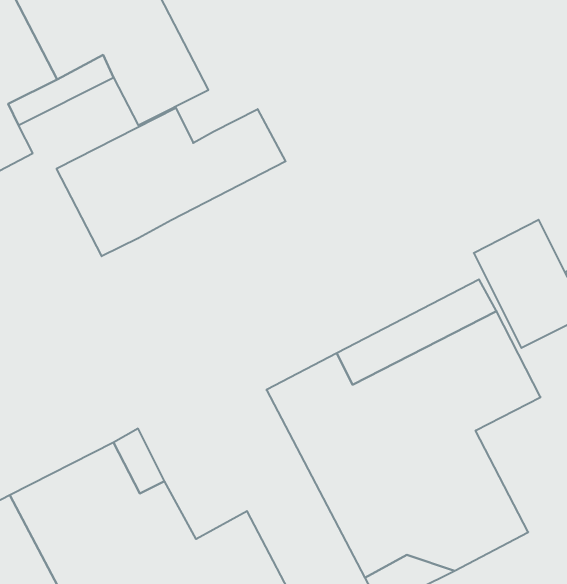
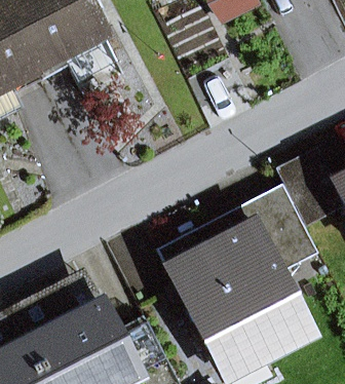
building: [57,108,286,256] -> none

